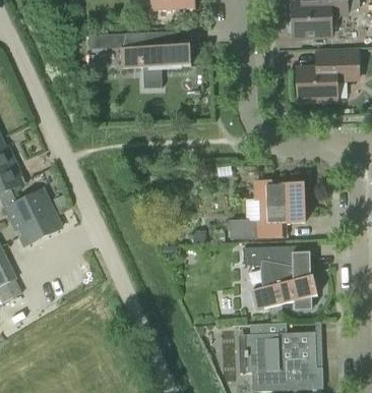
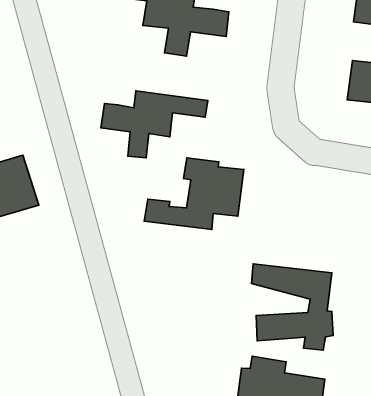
building: none -> [101,91,208,158]
building: [230,180,305,238] -> [144,158,244,230]

